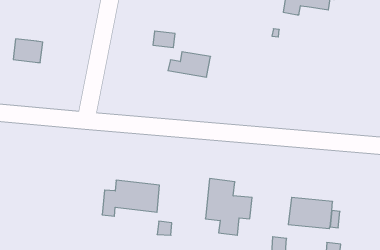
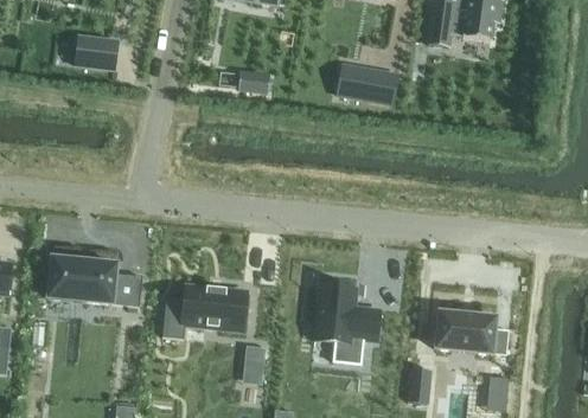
building: [13,39,43,63] -> [75,36,117,70]
building: [168,52,211,77] -> [335,66,397,103]
building: none -> [47,257,142,307]

